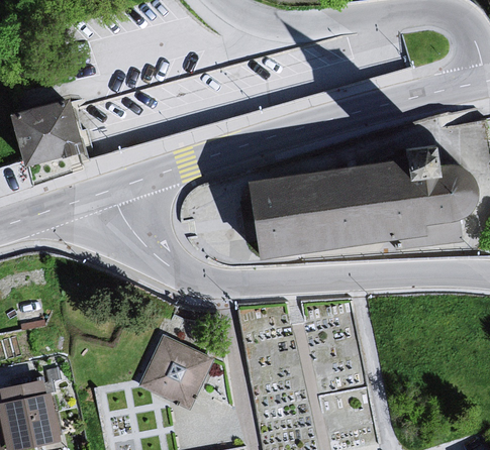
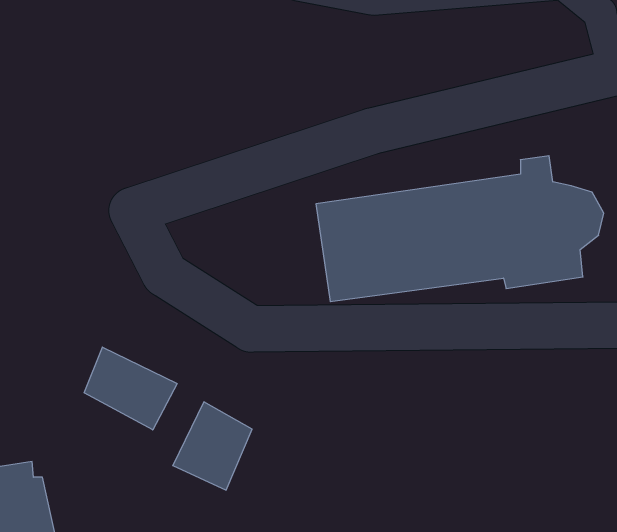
building: [16,102,81,160] -> none
building: none -> [84,347,177,430]

